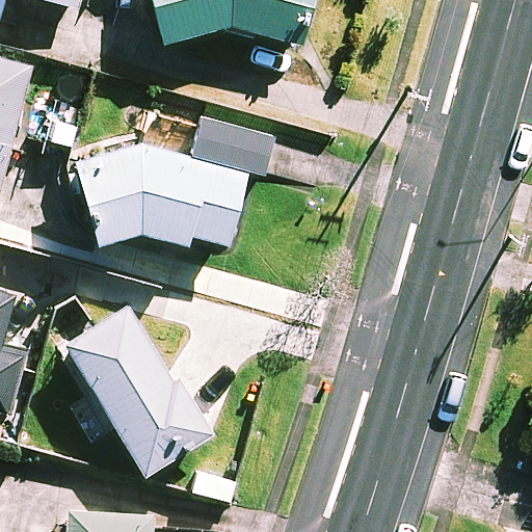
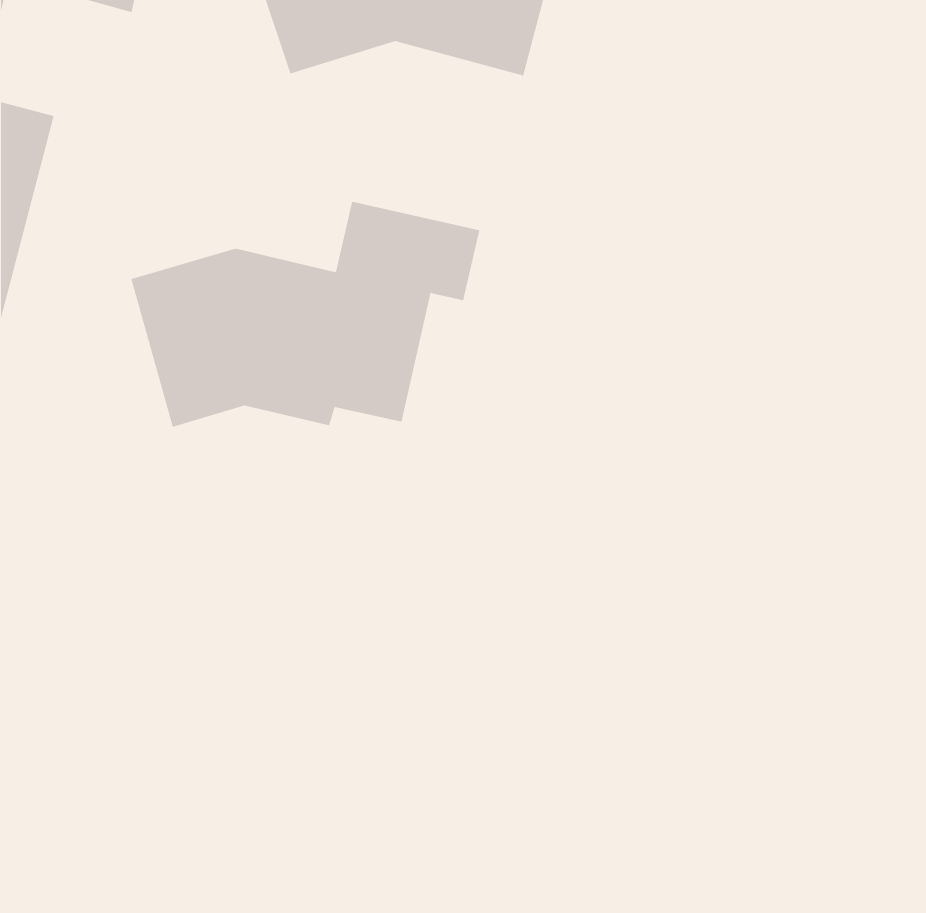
building: [64,307,208,474] -> none

